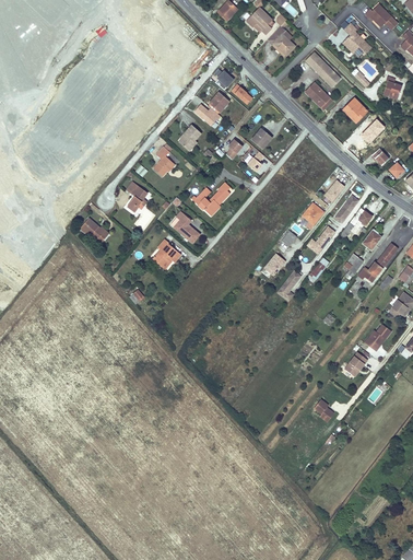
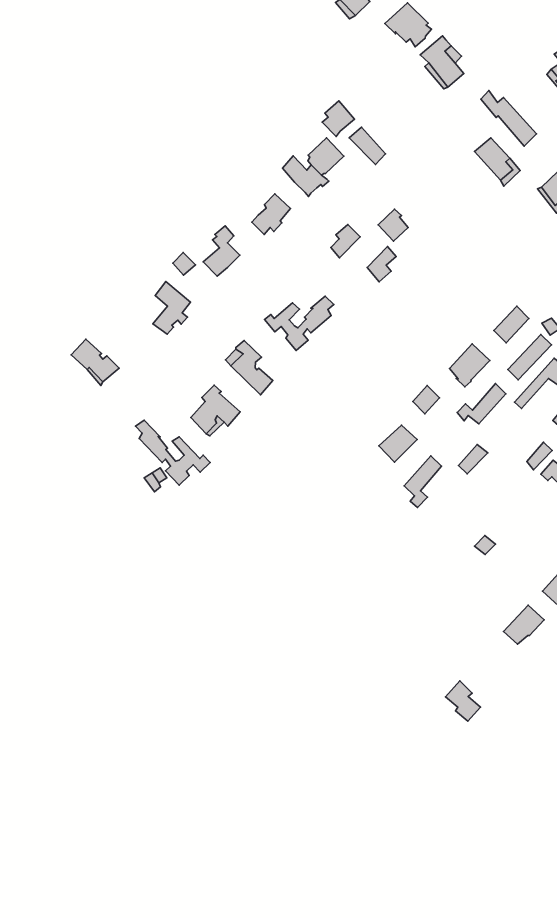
building: none -> [135,420,210,485]

